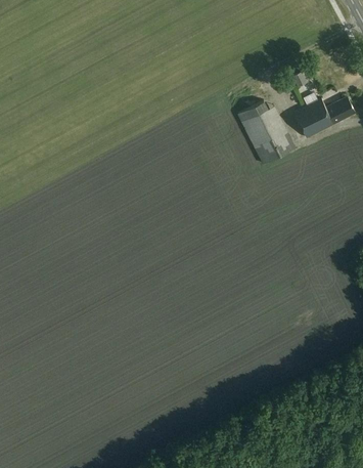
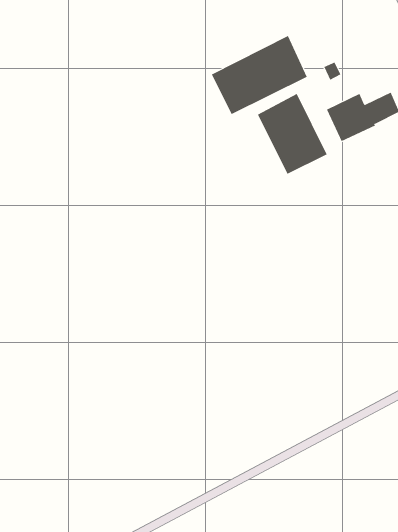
building: none -> [211,35,307,115]

